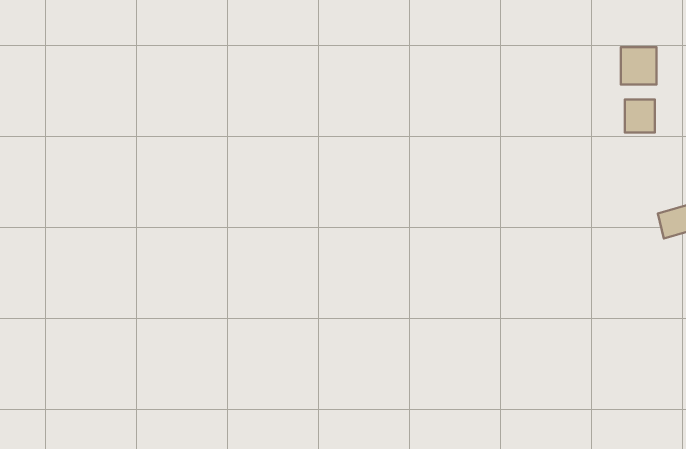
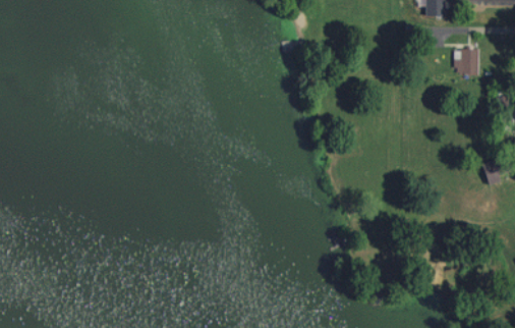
building: [625,99,655,133] -> none

